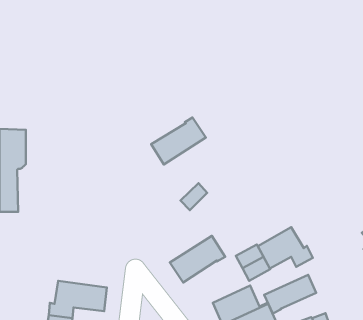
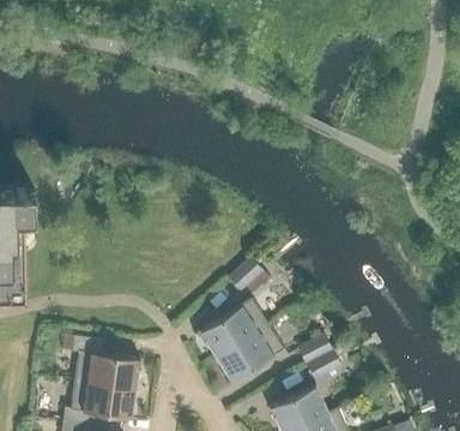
building: [151,118,206,164] -> [199,299,267,358]
building: [258,227,313,269] -> none
building: none -> [72,337,140,389]
building: [264,275,316,314] -> none

